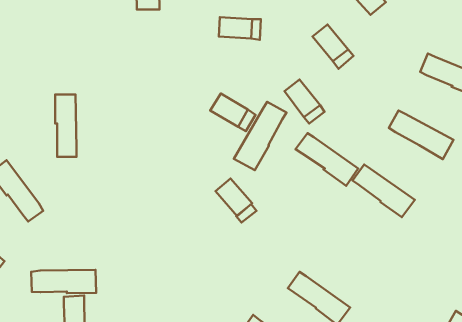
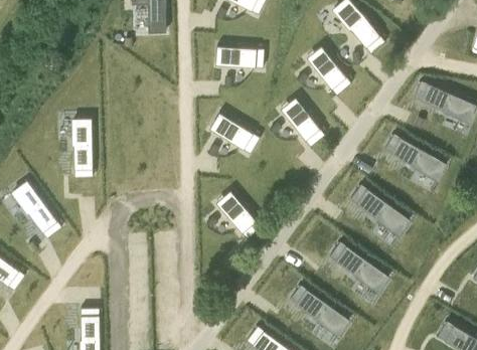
building: [234,102,286,170] -> none
building: [296,133,358,186] -> [328,241,386,291]
building: [31,270,96,293] -> none

